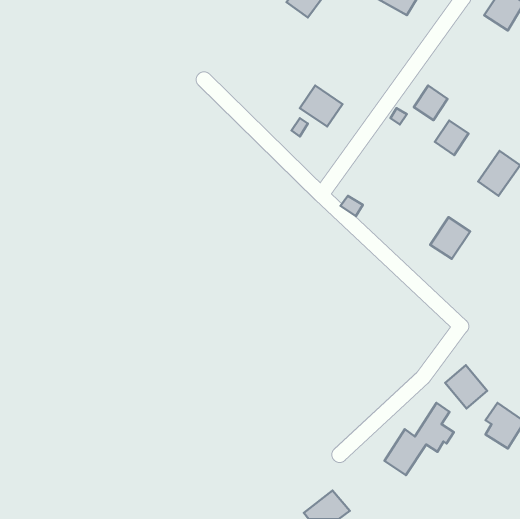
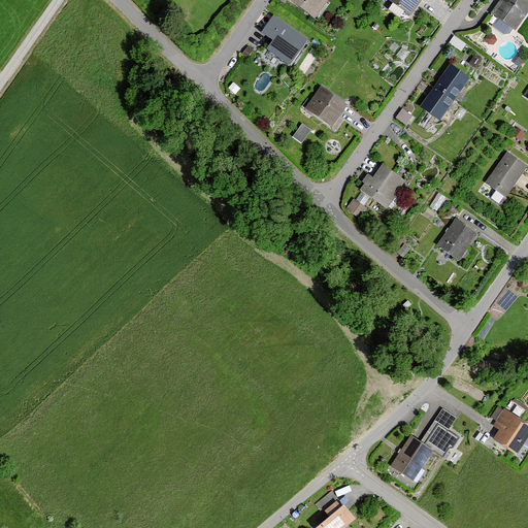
building: none -> [262,16,306,66]
building: [435,120,469,155] -> [434,65,468,100]
building: none -> [362,164,406,209]
building: [445,365,487,409] -> none

